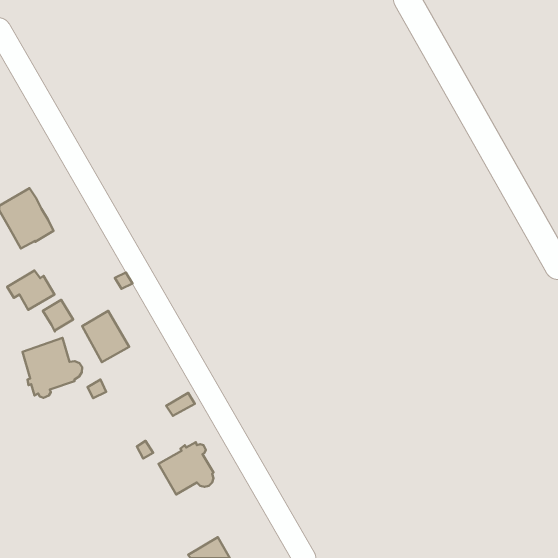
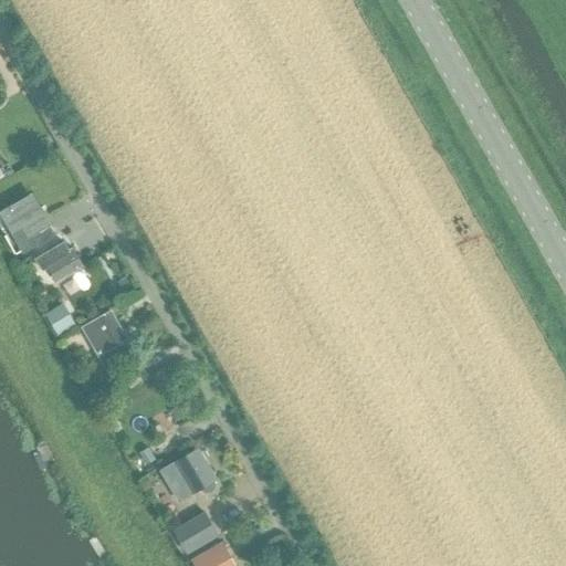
building: [7,270,54,310] -> [35,242,83,282]
building: [23,338,82,398] -> none
building: none -> [174,516,216,555]

